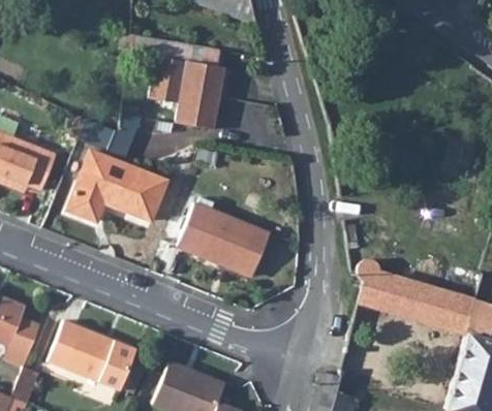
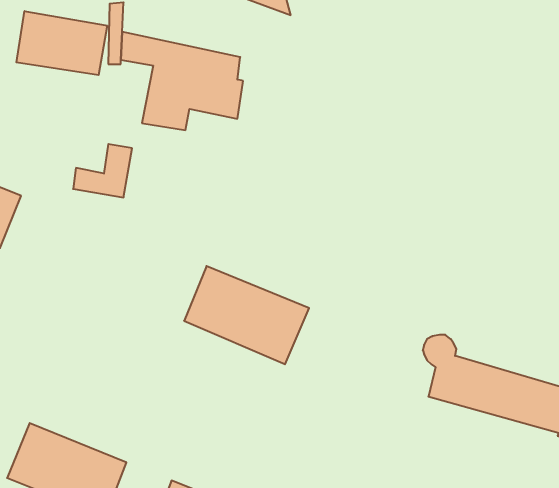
building: none -> [16,11,107,75]
building: [175,89,217,130] -> none
building: [69,151,171,223] -> none

